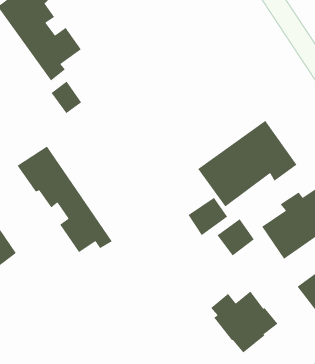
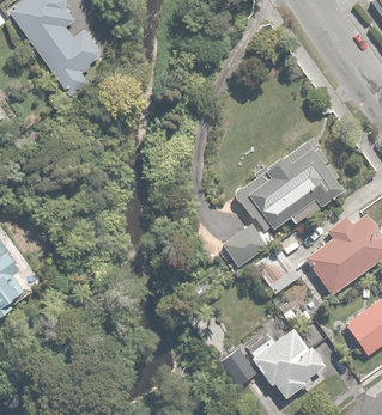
building: [51,80,82,114] -> none
building: [17,145,113,253] -> none
building: none -> [219,348,256,385]

